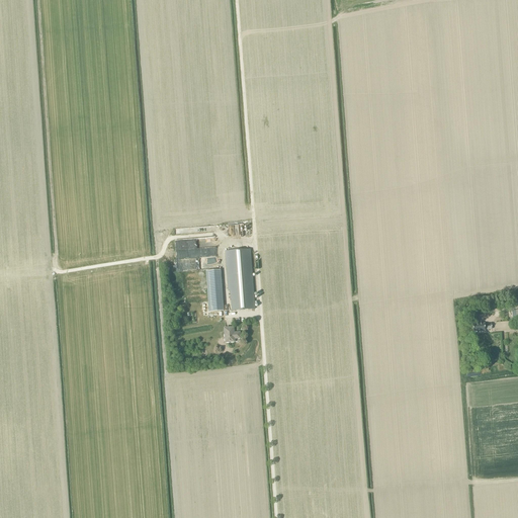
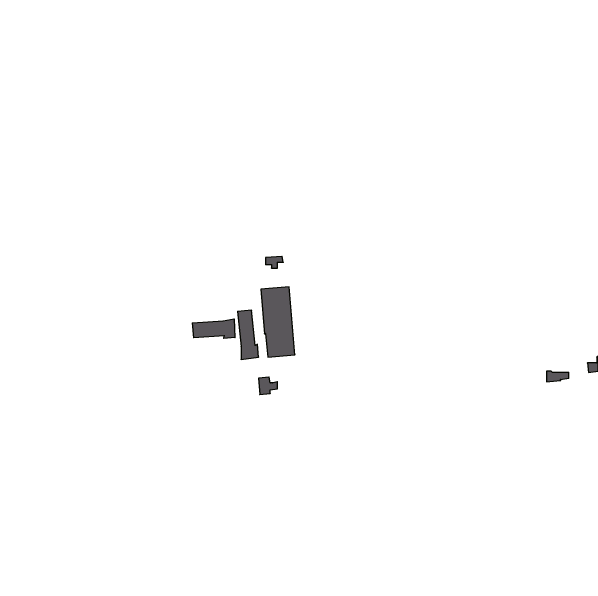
building: none -> [192,319,235,338]

